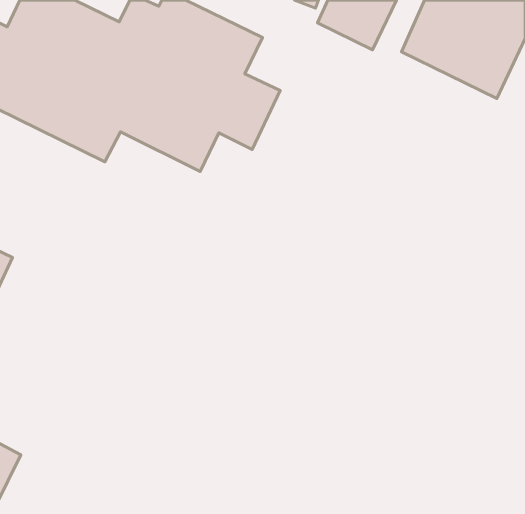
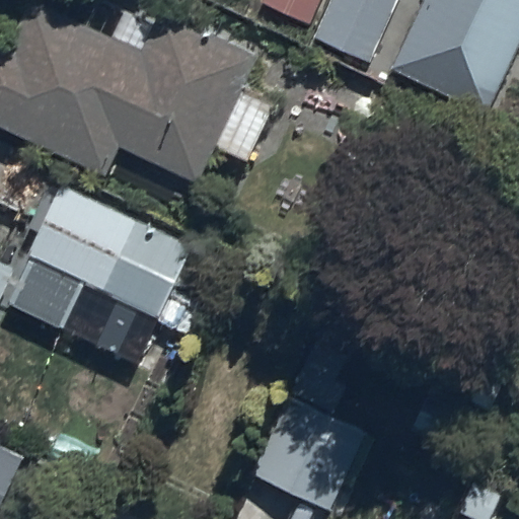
building: none -> [9,183,193,329]
building: none -> [257,401,365,509]

